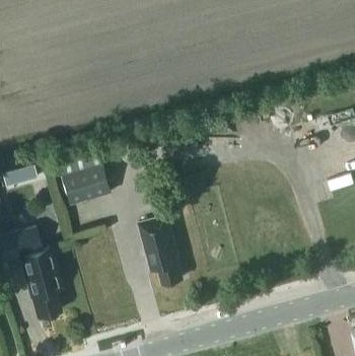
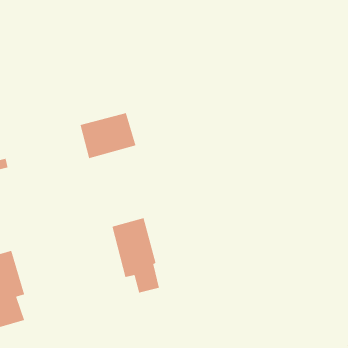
building: [61,164,113,207] -> [79,112,137,159]

